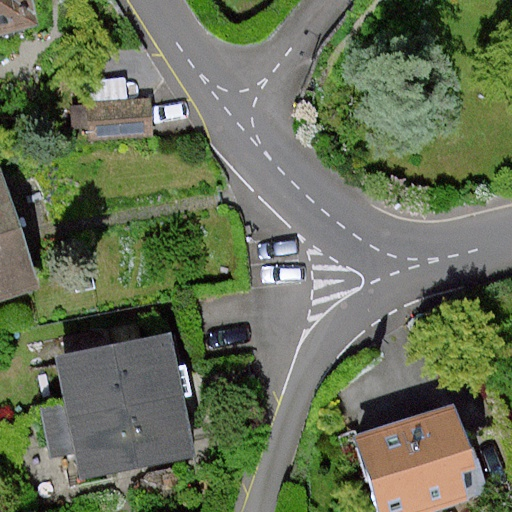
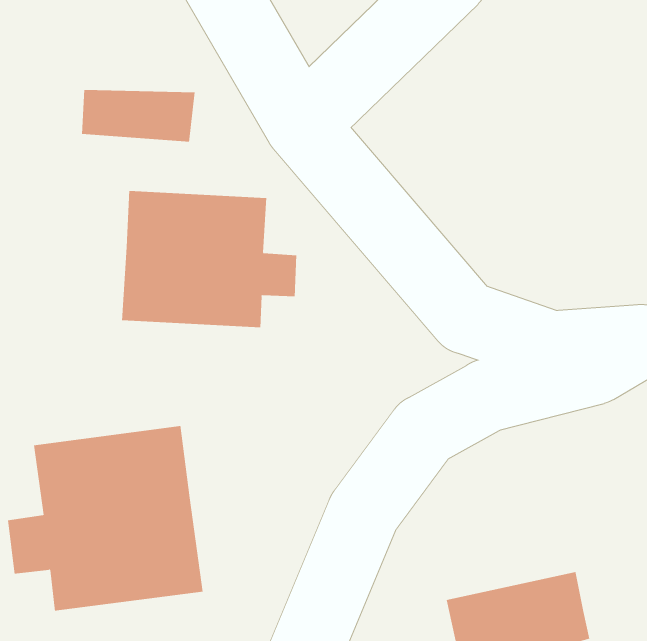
building: none -> [122,190,297,328]

